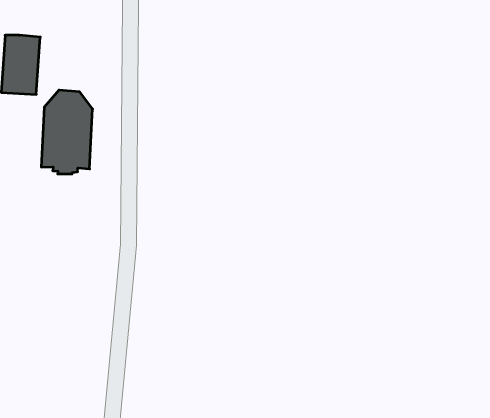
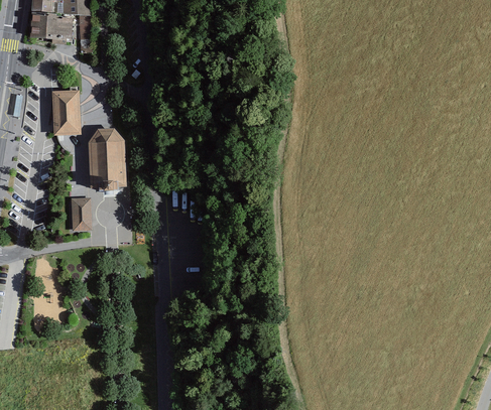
building: none -> [71,196,92,231]

